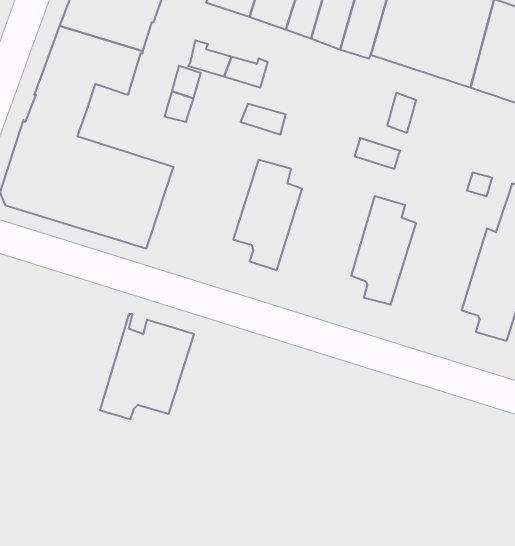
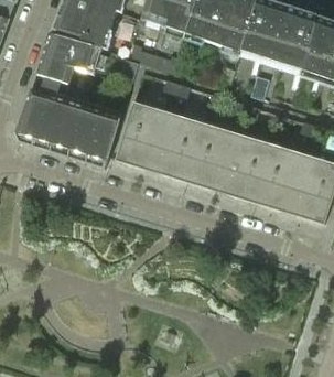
building: none -> [184,122,244,186]
building: none -> [254,143,312,207]
building: [100,314,194,419] -> [116,101,173,165]

